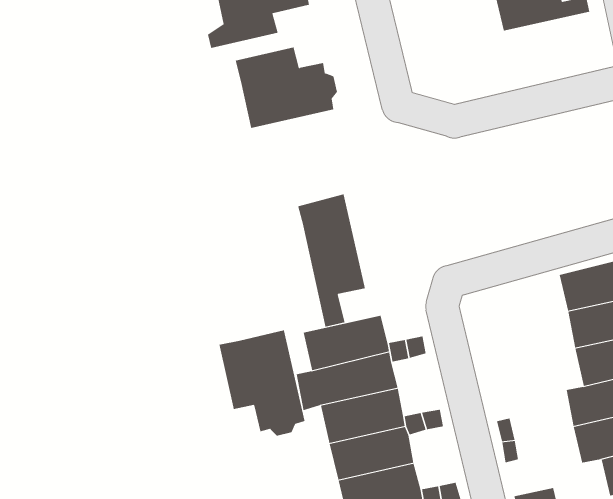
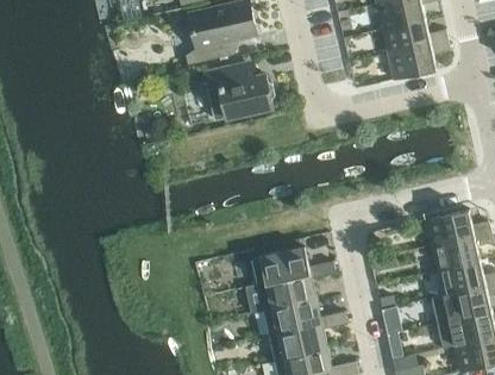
building: none -> [387,39,449,79]
building: [298,193,365,327] -> none
building: [219,329,305,437] -> none

